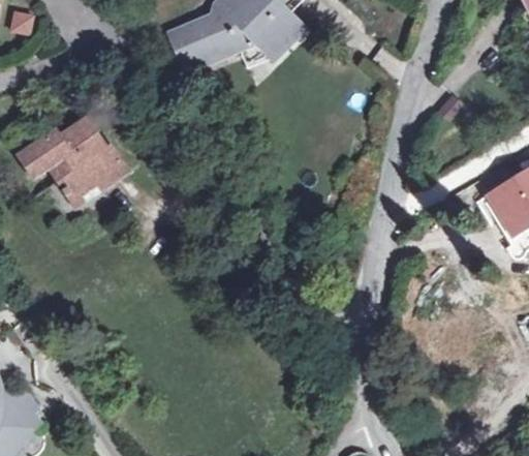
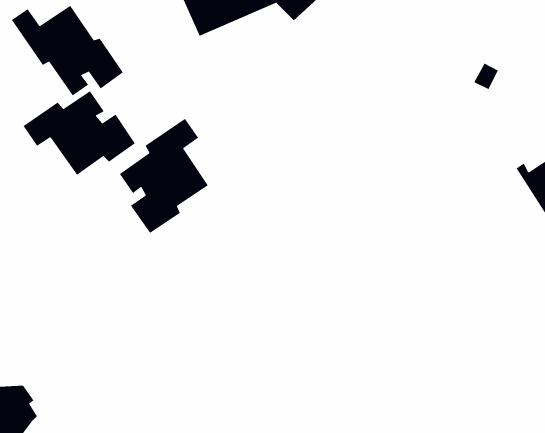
building: none -> [11,5,124,96]
building: none -> [119,118,209,234]

